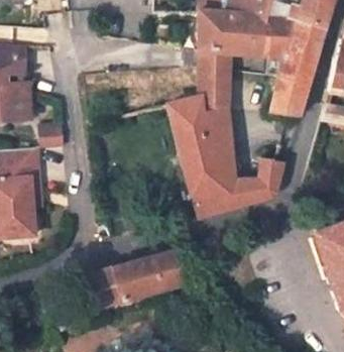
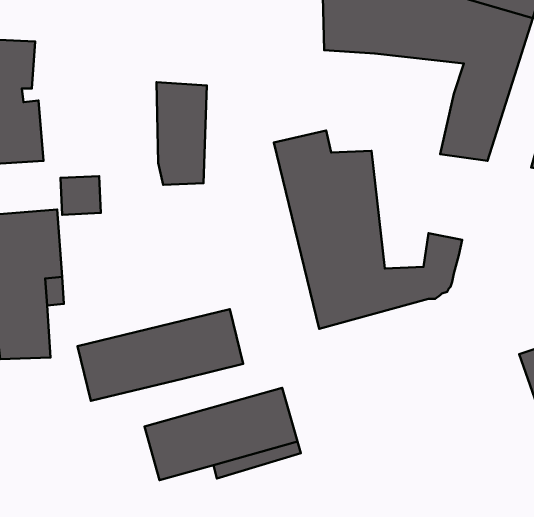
building: [199,50,229,112] -> [156,82,207,185]
building: none -> [78,309,243,401]

